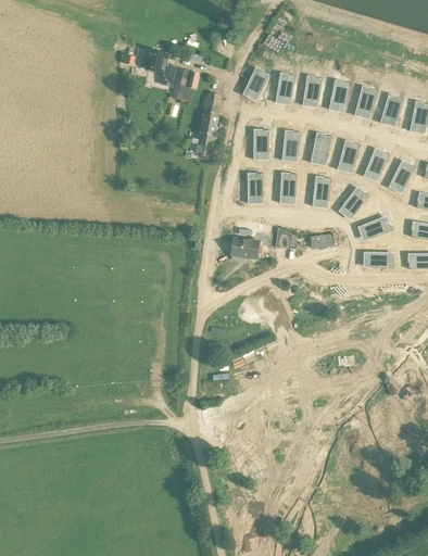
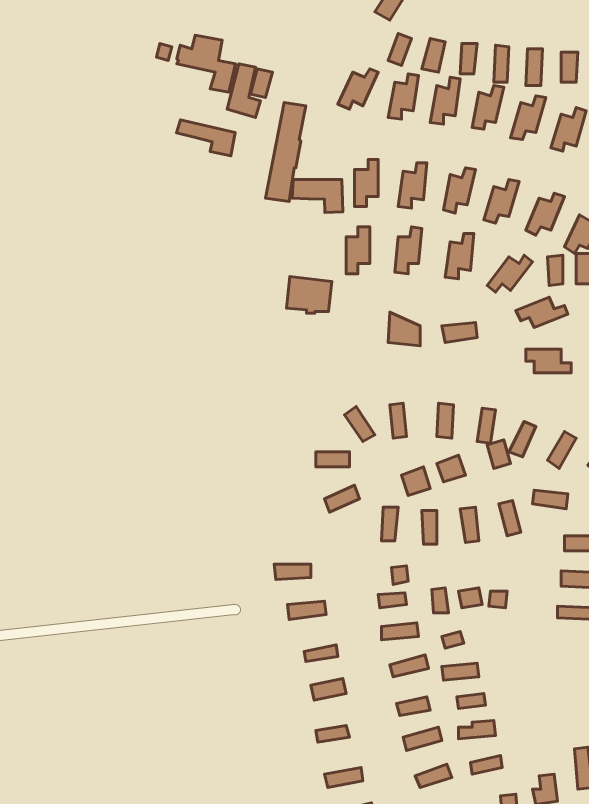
building: none -> [176,120,235,156]
building: none -> [292,180,343,213]
building: [229,235,259,258] -> [286,276,332,313]

